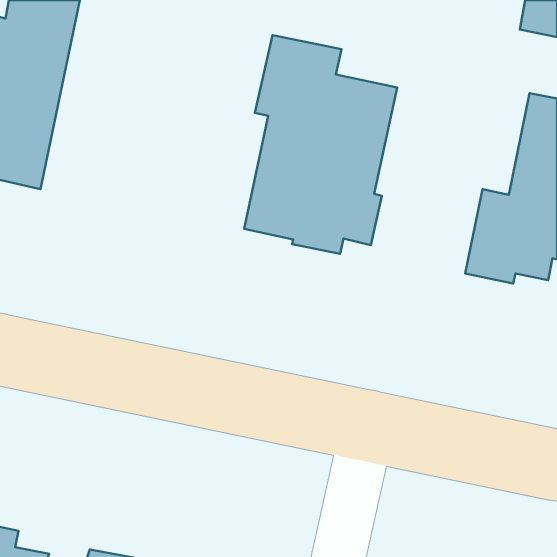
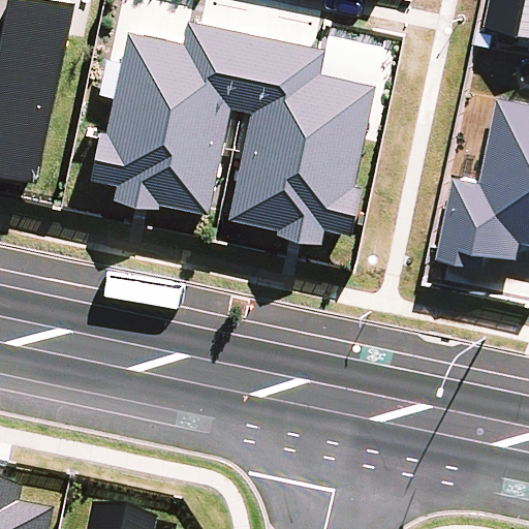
building: none -> [92,20,257,212]

